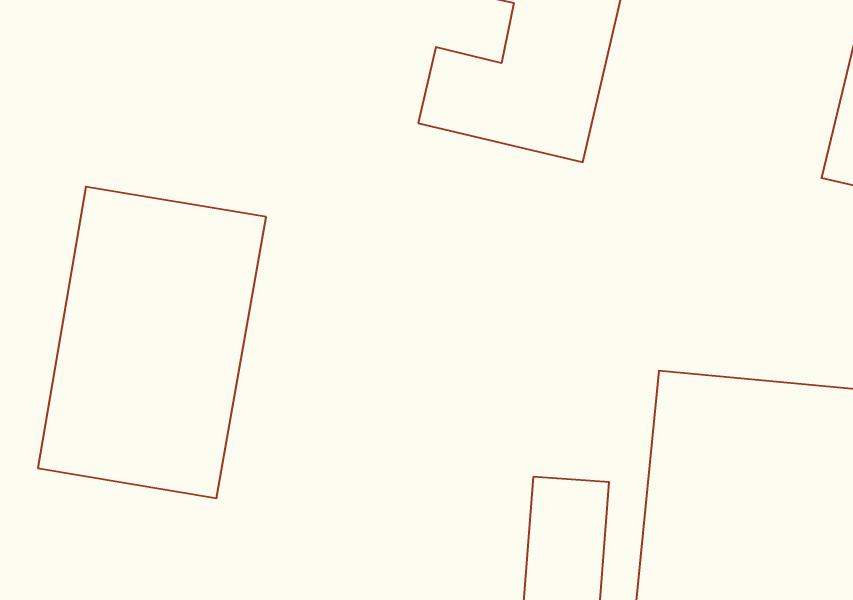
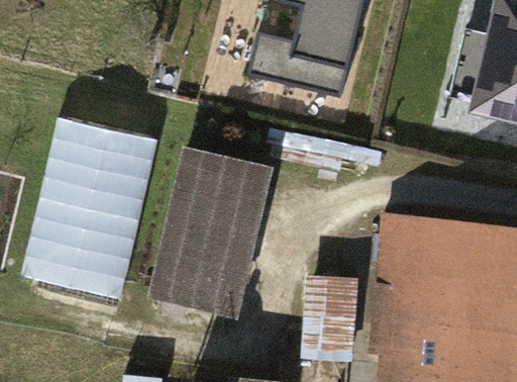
building: none -> [150,150,265,316]

